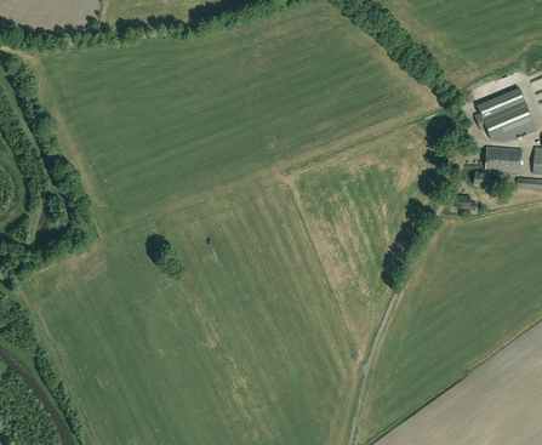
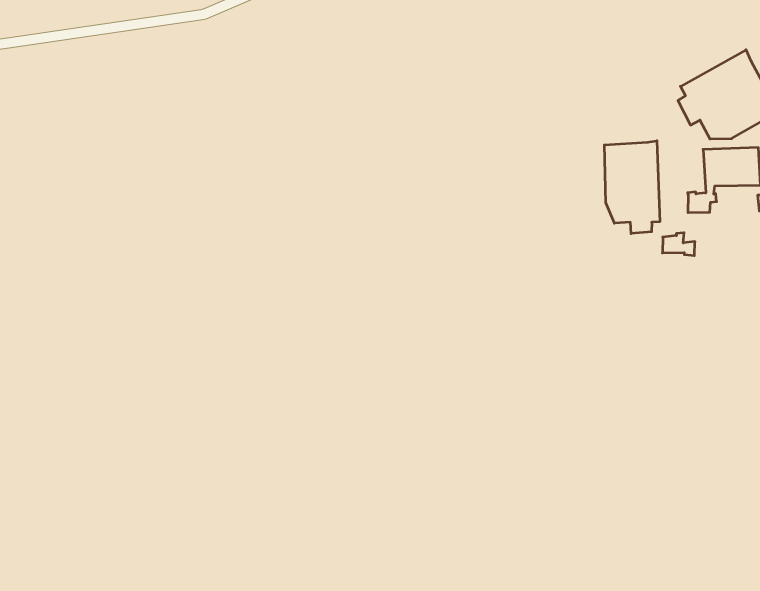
building: none -> [604,141,660,234]

